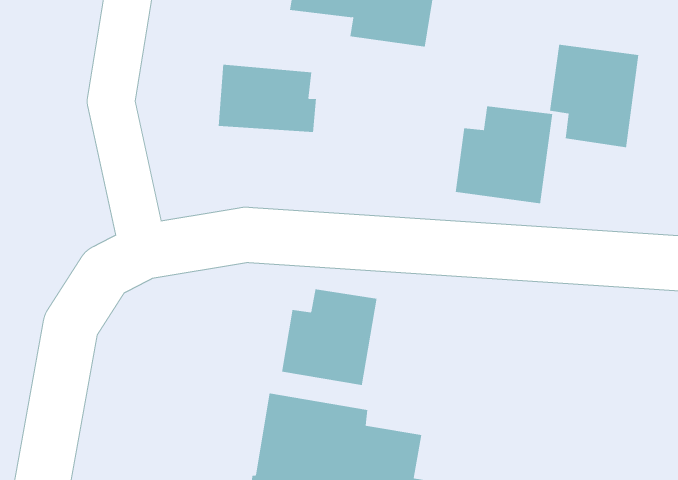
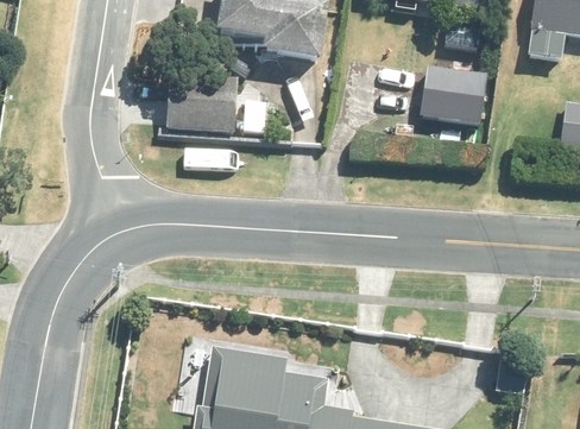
building: [455,105,553,204] -> none
building: [282,288,377,386] -> none

